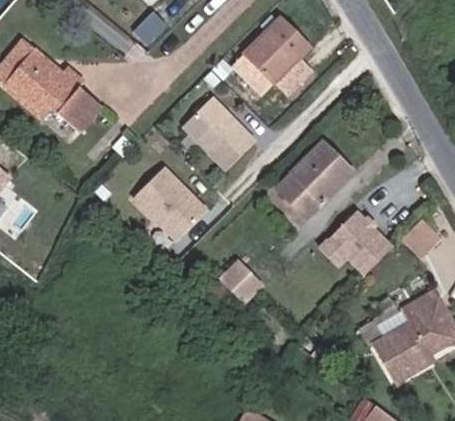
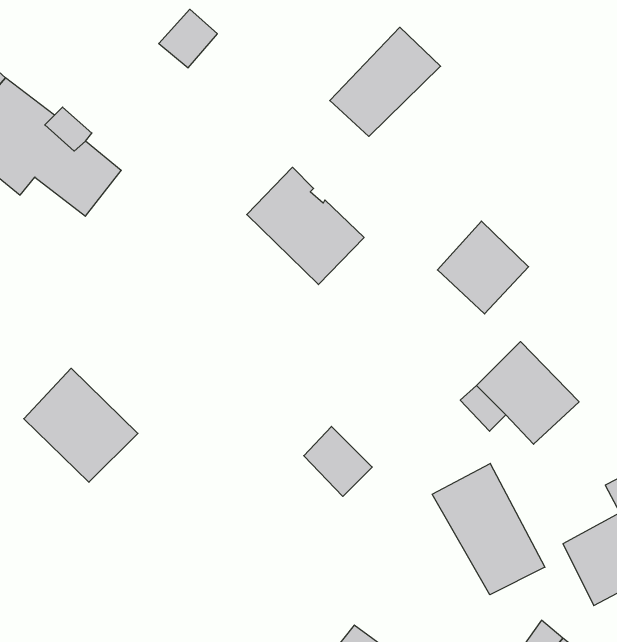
building: [283,168,329,213] -> none
building: [138,178,208,248] -> [24,368,138,482]
building: none -> [432,463,545,595]

